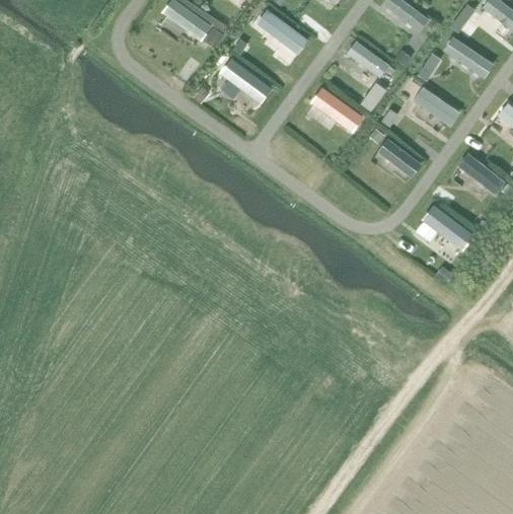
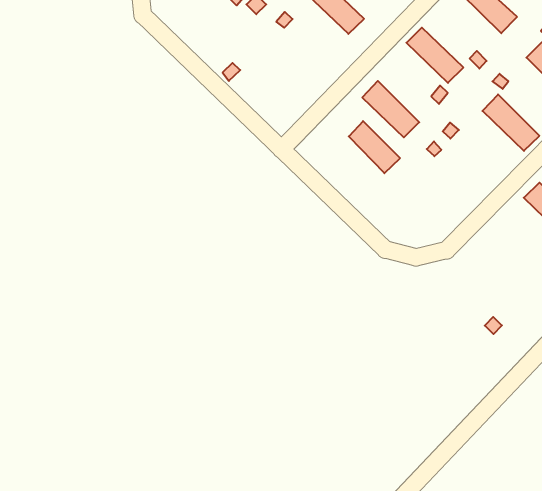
building: [219,58,269,100] -> none
building: [377,138,422,178] -> [349,121,400,173]
building: [423,207,472,249] -> none

